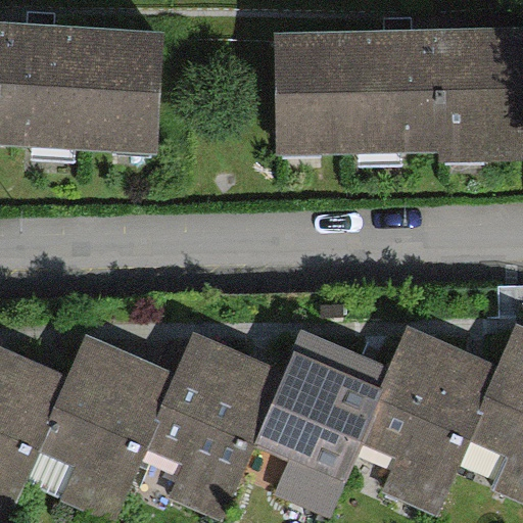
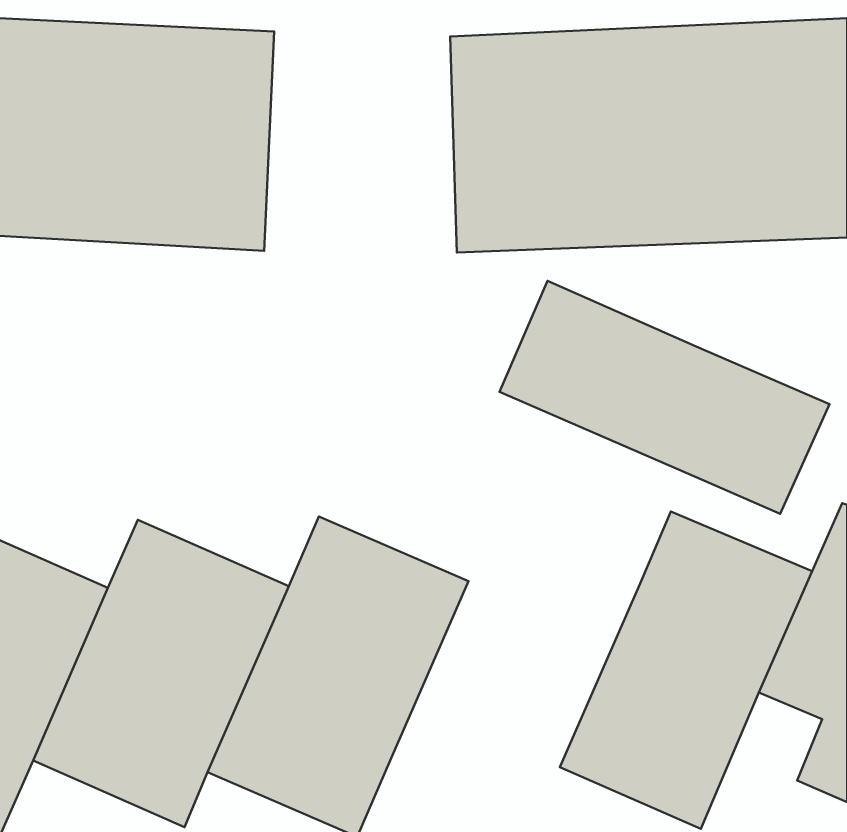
building: none -> [500,281,829,514]
building: [240,330,394,517] -> none

